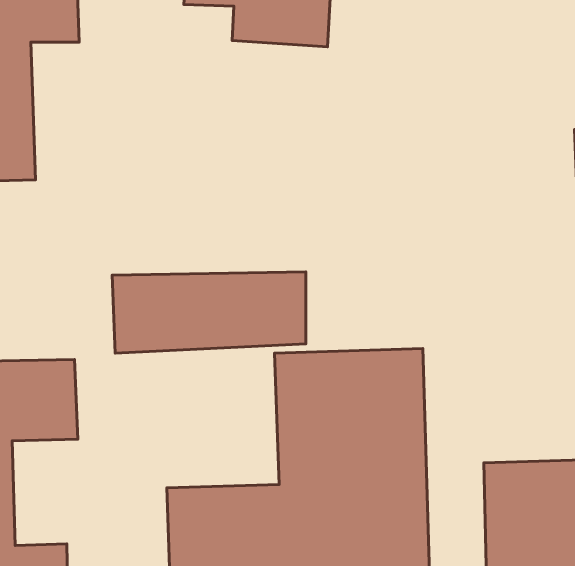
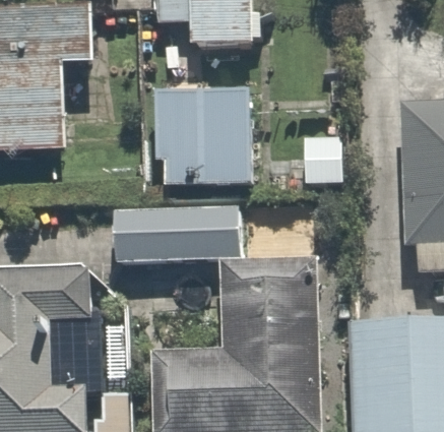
building: none -> [175,99,257,200]

